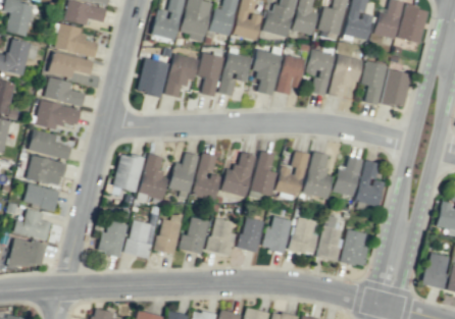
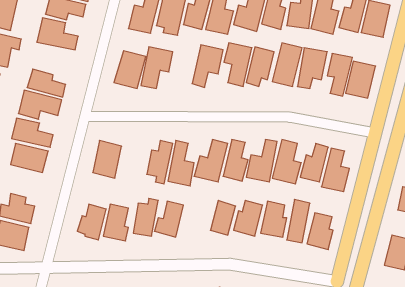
building: [48,50,94,77] -> none
building: [197,51,223,96] -> none
building: [139,153,168,199] -> none
building: [23,183,59,209] -> none
building: [208,217,236,255] -> none

